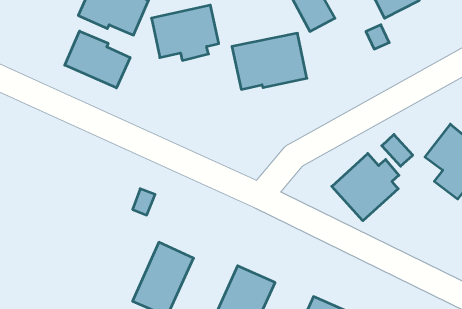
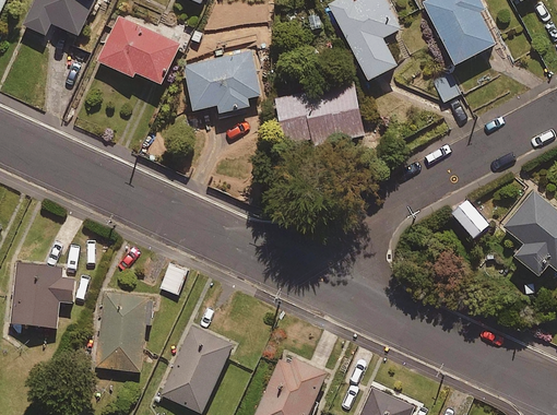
building: [65,31,130,88] -> none
building: [332,153,399,221] -> none
building: none -> [11,262,73,327]
building: none -> [95,290,153,371]

